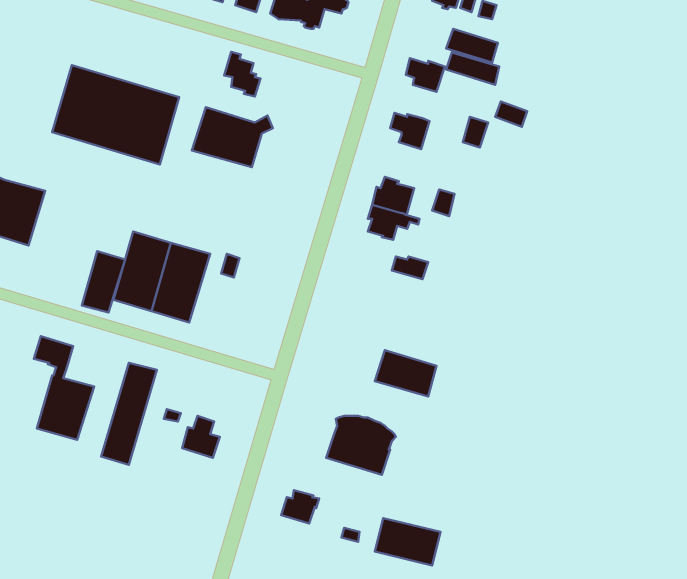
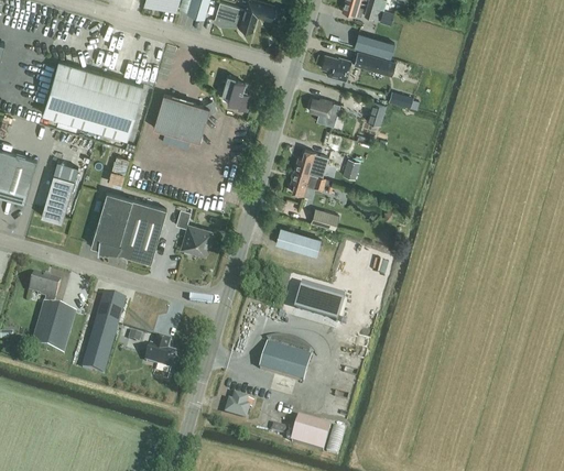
building: [224,52,260,97] -> [221,76,250,111]
building: [82,251,125,313] -> [40,174,74,222]
building: none -> [182,228,209,255]
building: none -> [275,229,319,256]

